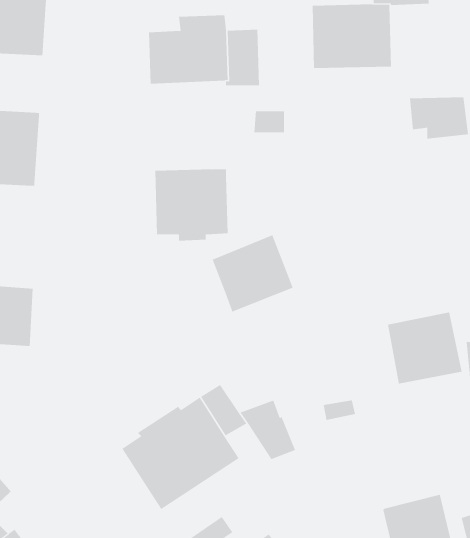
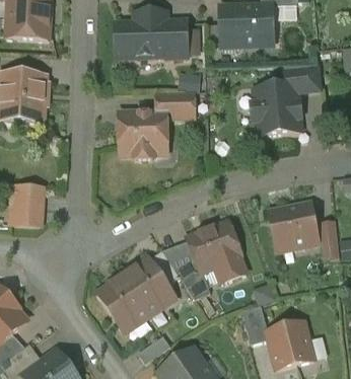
building: none -> [250,85,300,135]
building: none -> [156,92,194,117]
building: [212,235,293,313] -> [187,221,239,272]
building: none -> [241,305,268,344]

